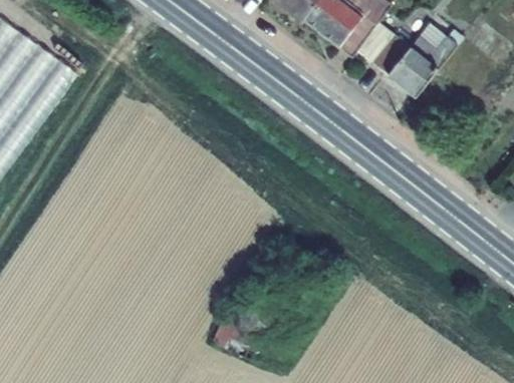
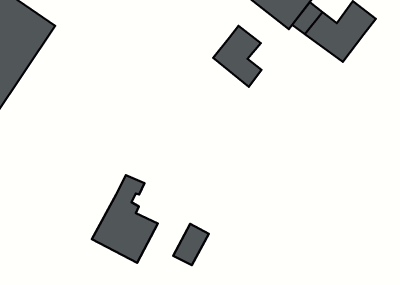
building: none -> [213,26,262,87]
building: none -> [92,175,158,263]

